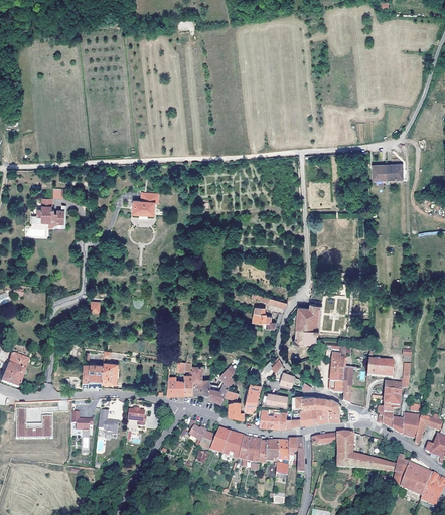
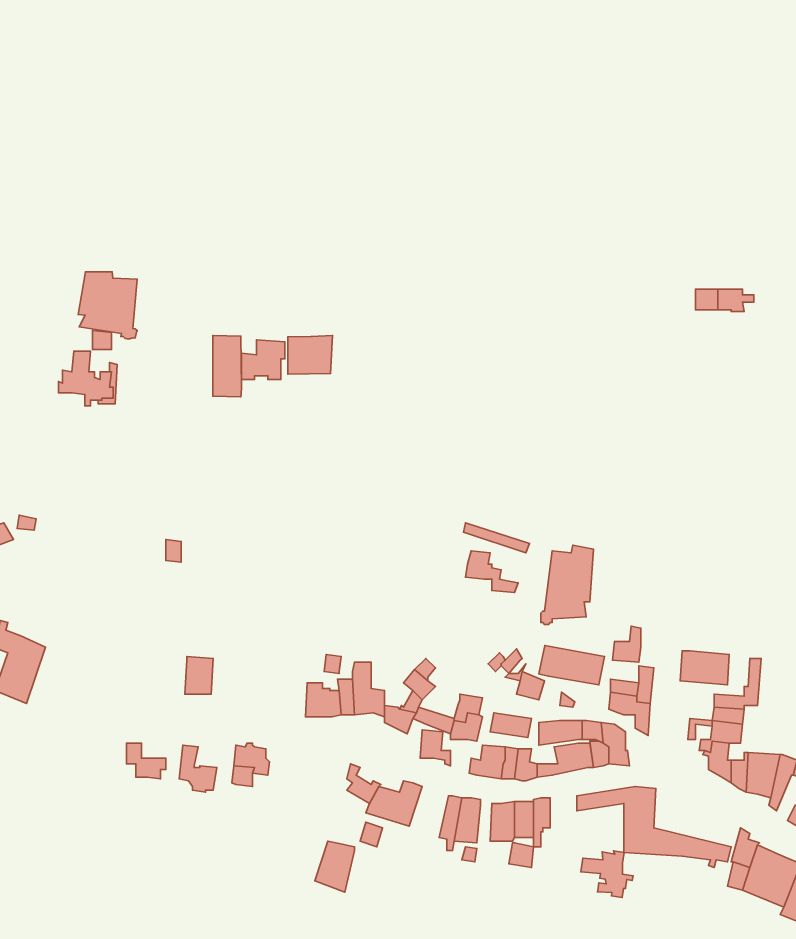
building: none -> [78,272,137,339]
building: none -> [288,335,333,374]
building: none -> [213,335,241,397]
building: none -> [539,645,605,685]
building: [83,363,104,385] -> none
building: [16,414,52,436] -> none
building: [222,432,244,459] -> [315,841,354,892]
building: none -> [581,851,633,897]

